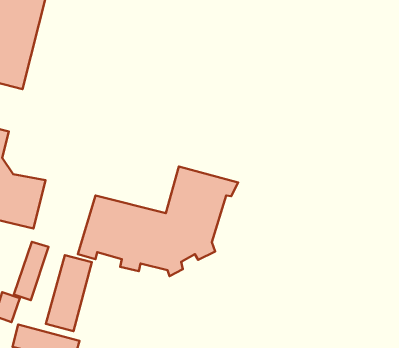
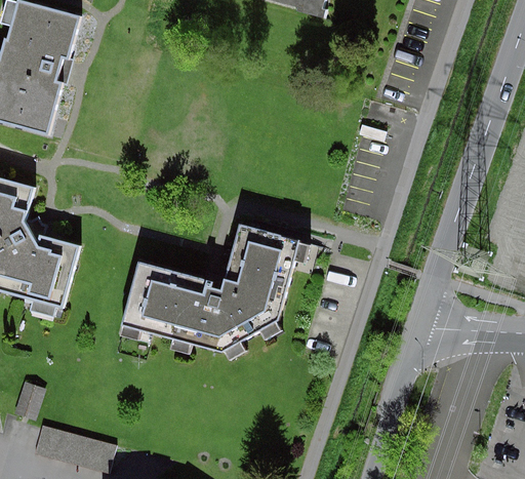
building: [14,242,49,300] -> none
building: [46,255,92,331] -> none

